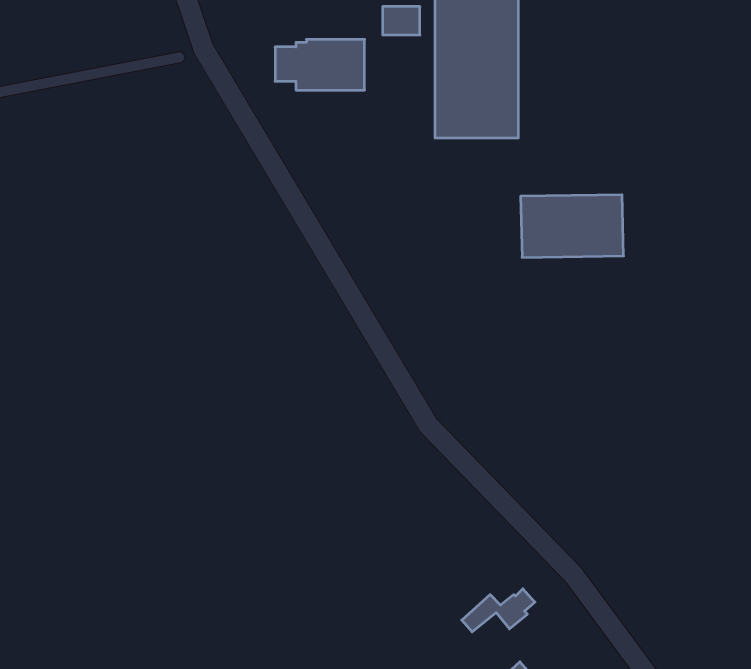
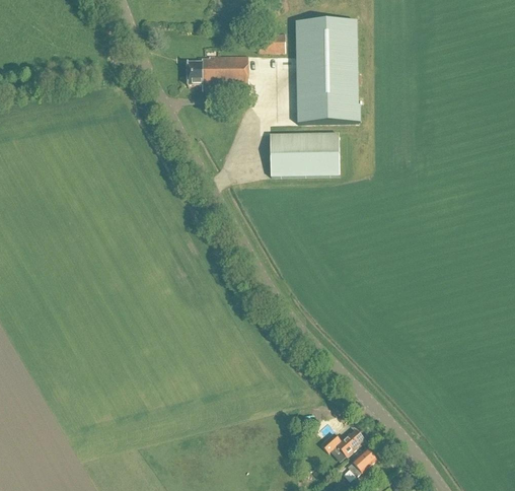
building: [521,195,624,257] -> [271,133,341,176]
building: none -> [349,448,378,477]

